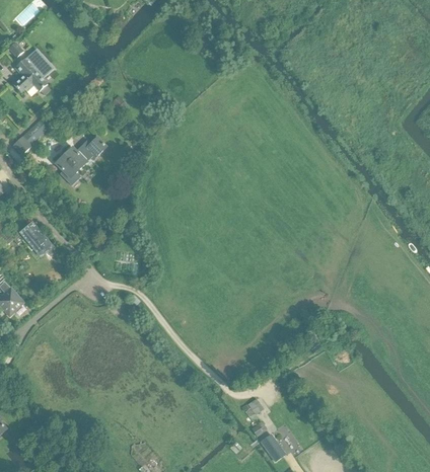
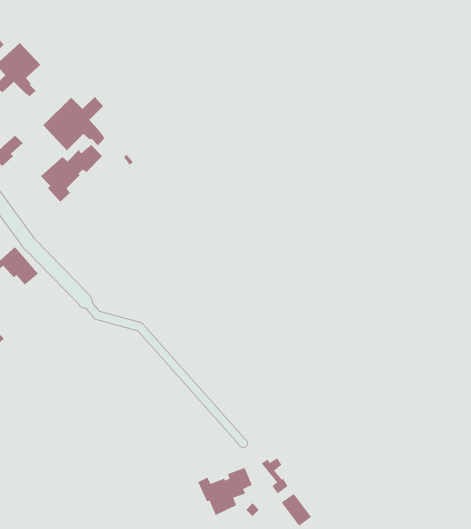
building: none -> [42,96,105,151]
building: none -> [197,467,253,516]

